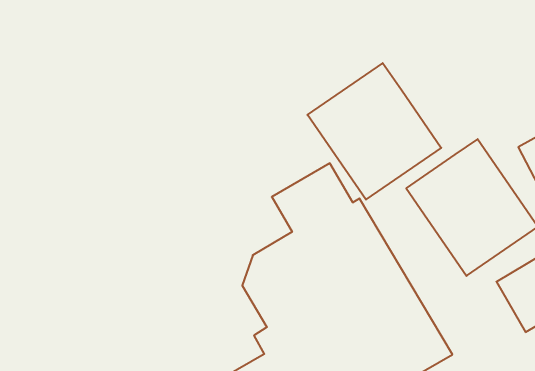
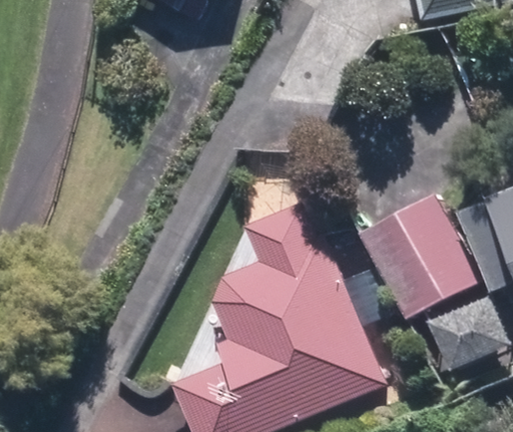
building: [307,63,441,200] -> none

